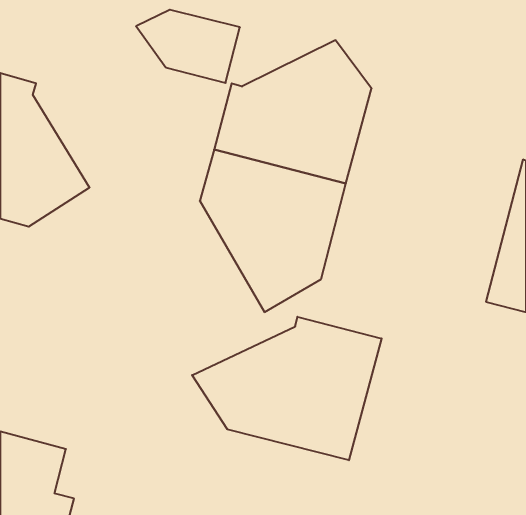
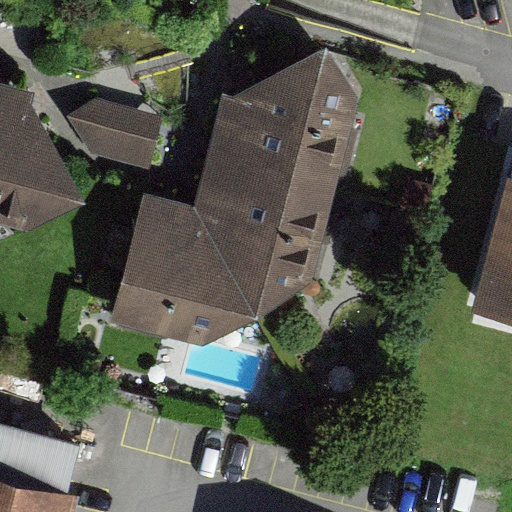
building: [136,10,240,83] -> [63,105,164,176]
building: none -> [112,193,257,345]
building: [192,317,382,460] -> none

